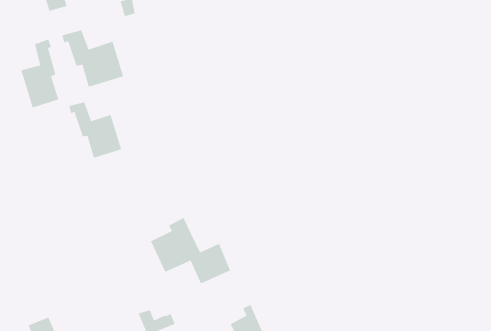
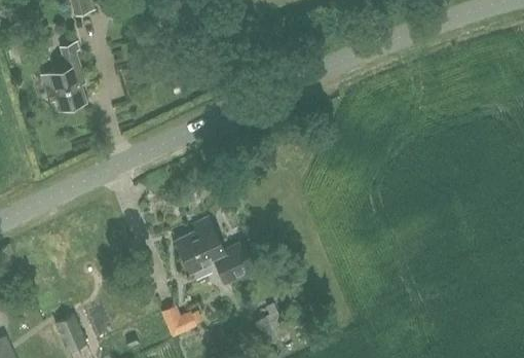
building: [62,30,124,88] -> none
building: [69,101,122,159] -> none

